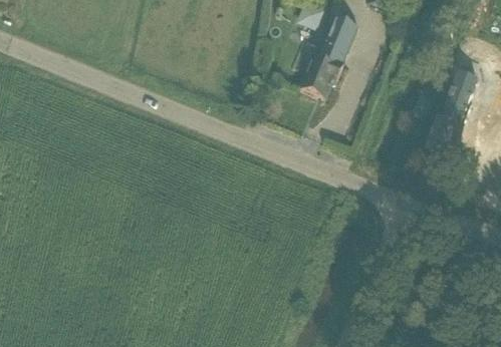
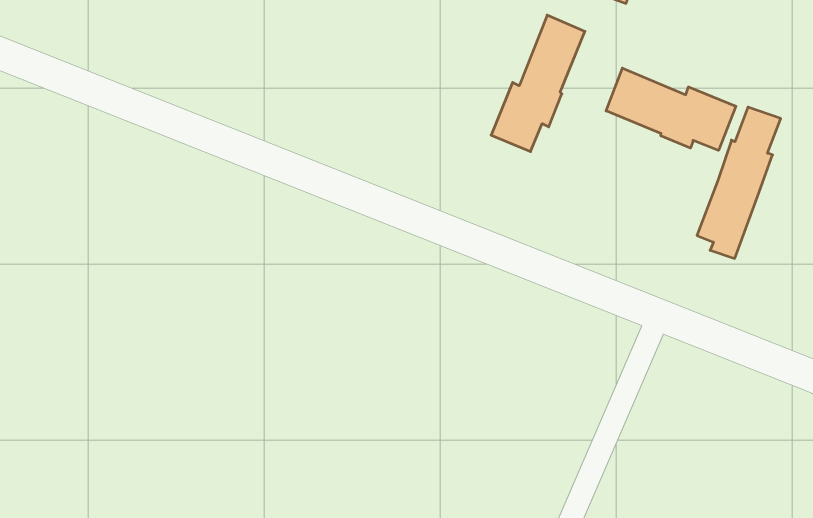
building: none -> [606,68,736,150]

